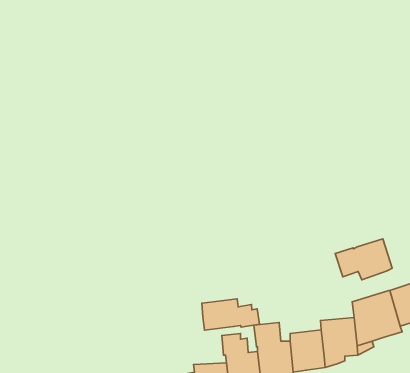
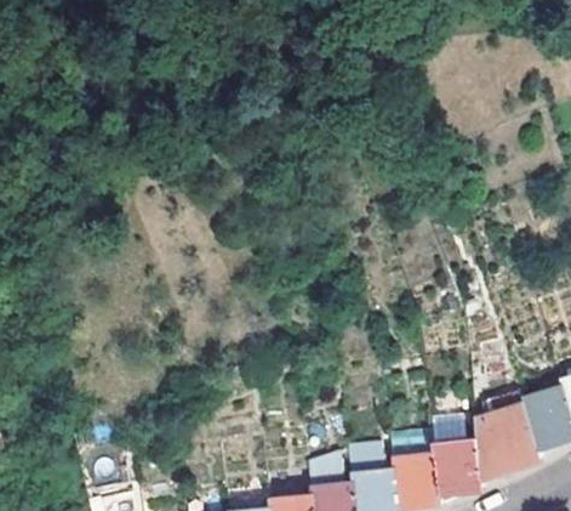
building: [335,239,392,280] -> none
building: [202,299,259,330] -> none

